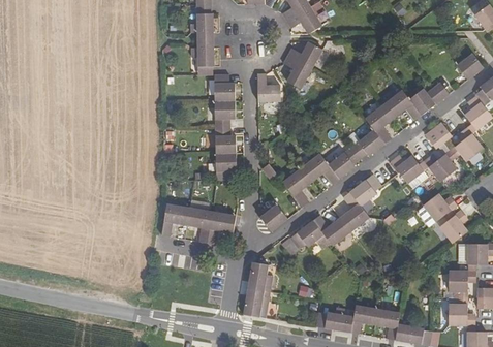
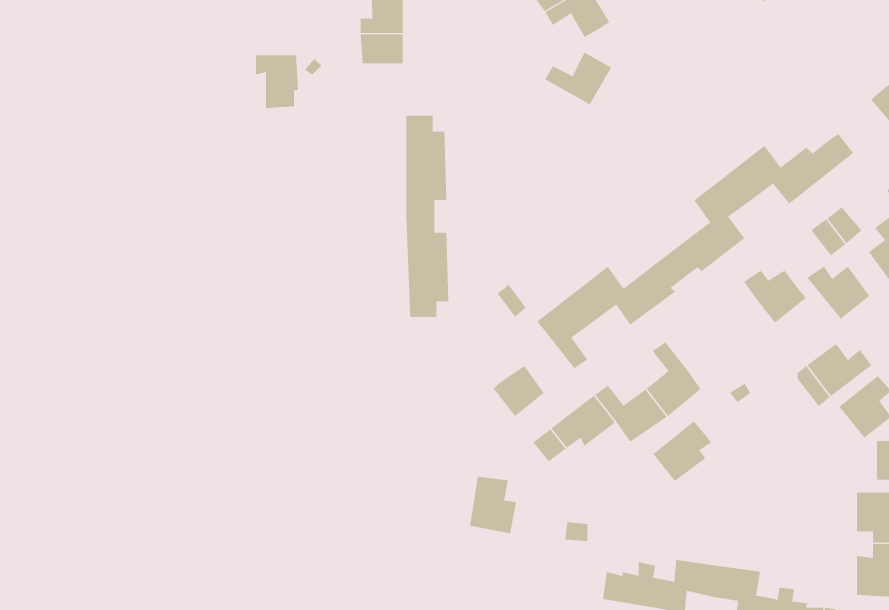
building: [191,48,214,75] -> [255,55,299,108]
building: [283,56,310,90] -> none
building: [256,73,279,102] -> none
building: [349,175,380,207] -> [653,420,712,482]
building: [161,203,235,244] -> none
building: [243,288,269,317] -> none

